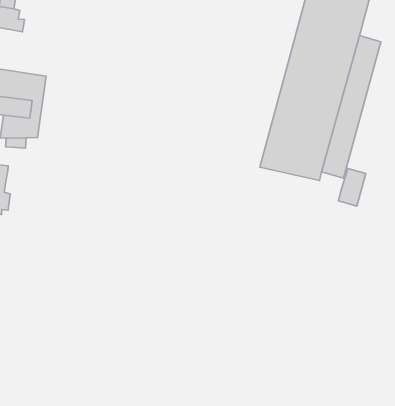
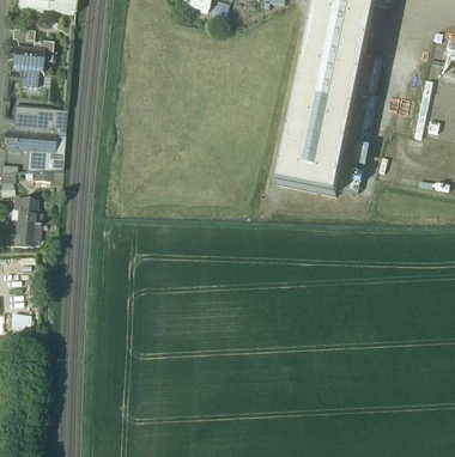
building: [339,168,366,206] -> none

